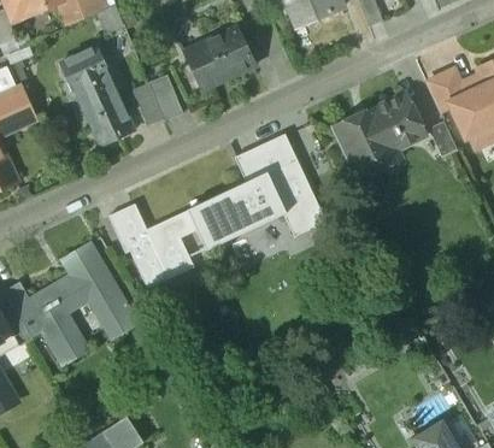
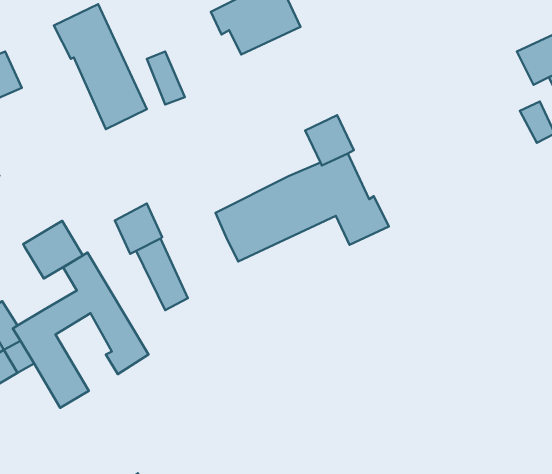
building: [148,75,182,119] -> none
building: [334,93,424,176] -> none
building: [235,146,271,182] -> none
building: [145,211,196,278] -> none
building: none -> [23,221,83,279]

